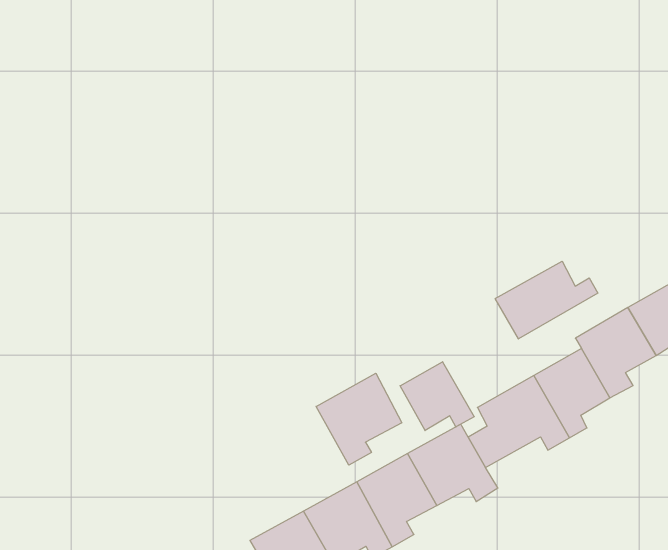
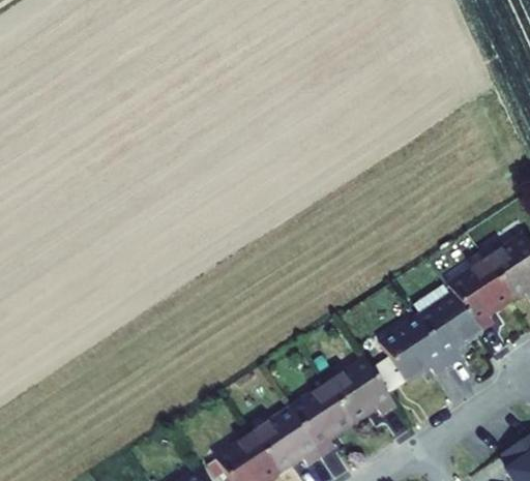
building: [495,261,598,339] -> none
building: [400,362,474,431] -> none
building: [316,373,402,465] -> none

